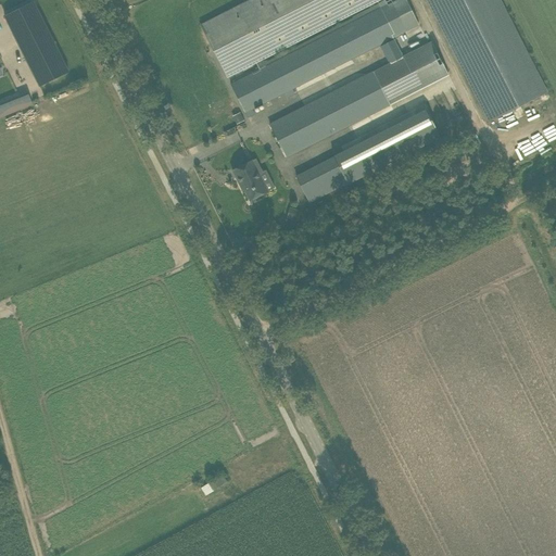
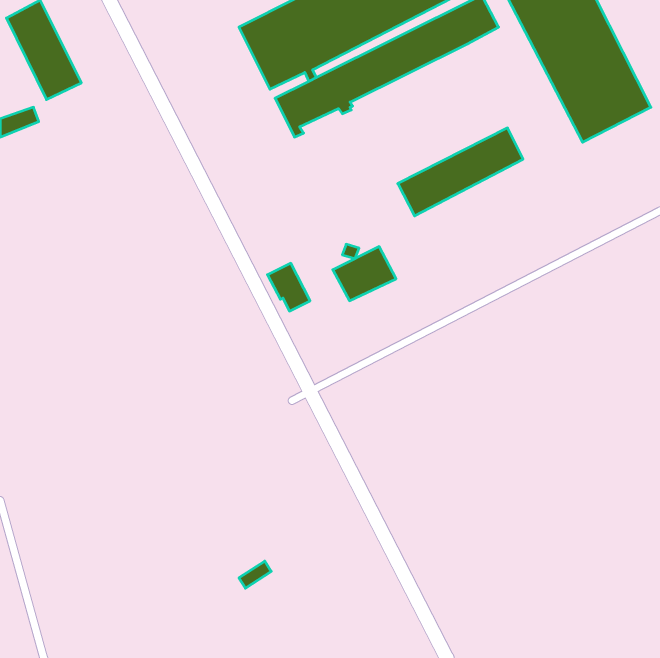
building: [270,39,450,156] -> none
building: [295,154,349,200] -> [333,247,396,301]
building: [232,159,268,199] -> [267,263,310,311]

